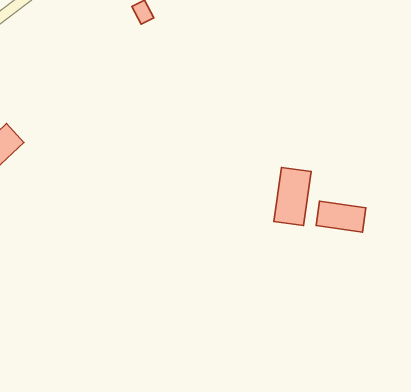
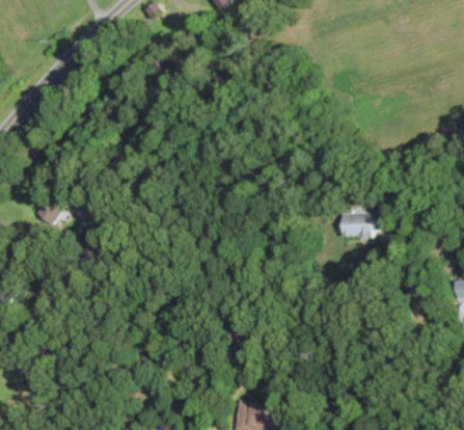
building: [274,167,311,226] -> none

